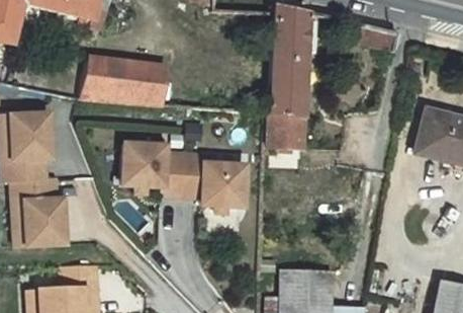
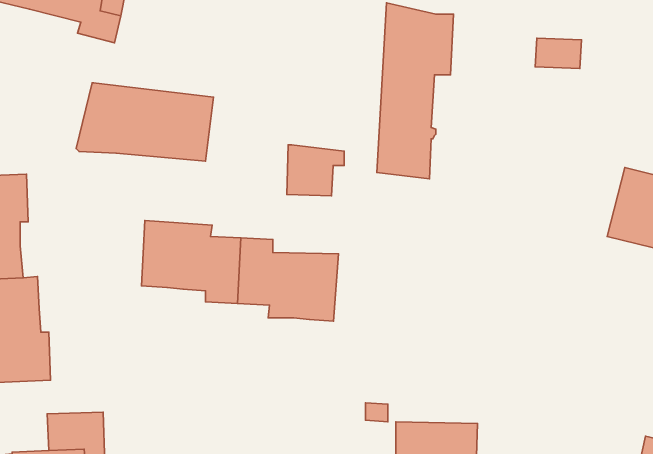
building: [267,112,303,145] -> [287,145,344,196]

